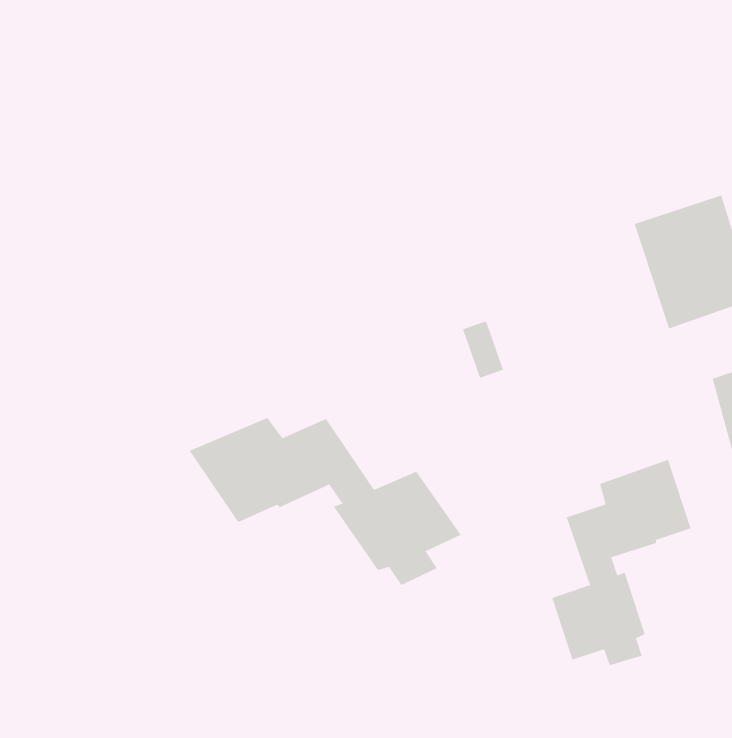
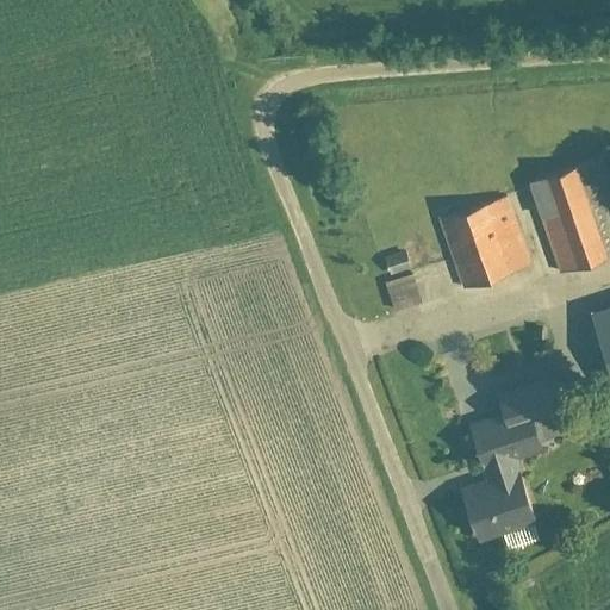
building: none -> [438,197,531,290]
building: [189,417,461,586] -> none

